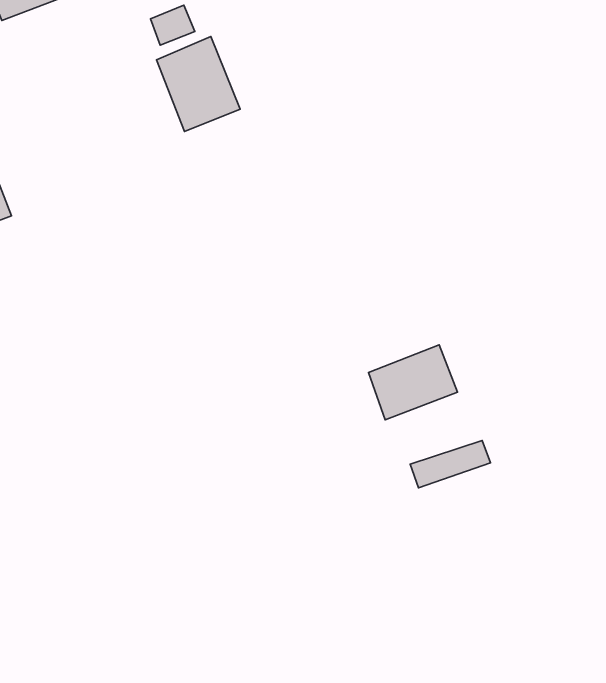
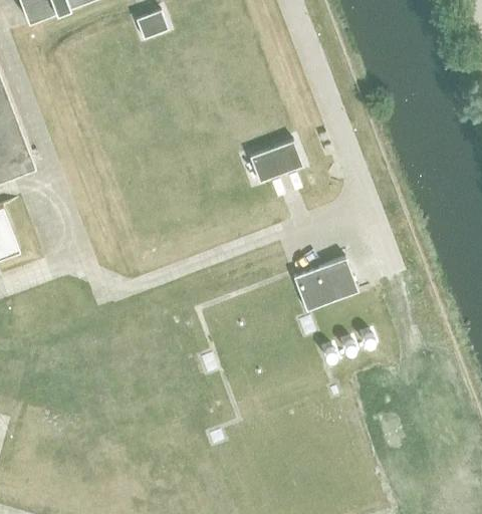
building: [156,36,240,132] -> none
building: none -> [246,142,299,184]

